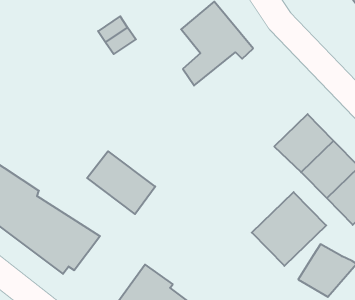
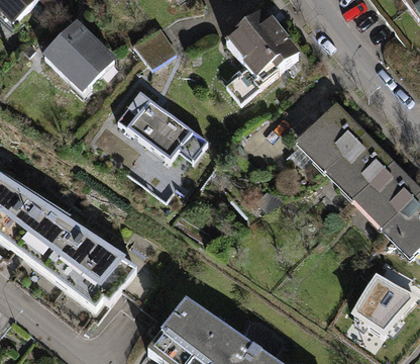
building: none -> [43,22,111,90]
building: none -> [298,103,362,168]
building: [87,151,155,214] -> [116,90,191,159]
building: [252,192,326,266] -> none

